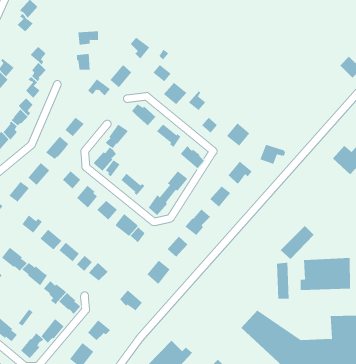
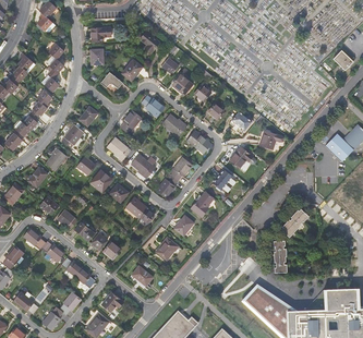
building: [300,257,350,291] -> none

